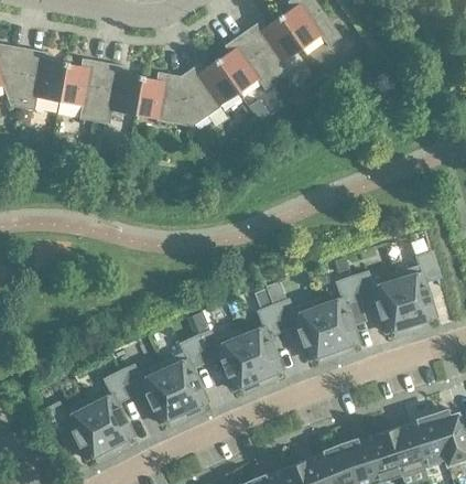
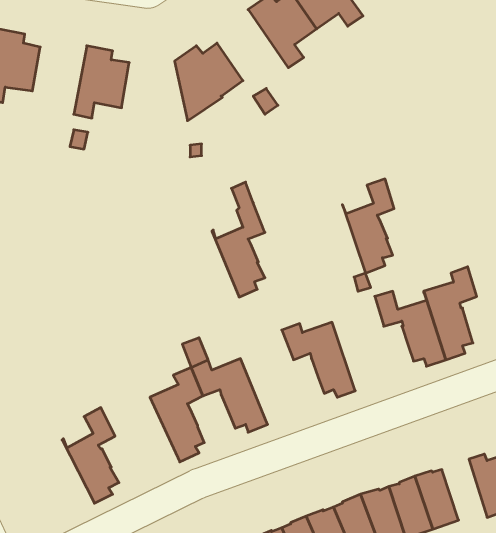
building: [217,32,278,93] -> none
building: [59,58,106,121] -> none
building: [136,72,192,127] -> none
building: [315,277,359,357] -> [342,179,394,273]
building: [237,288,282,386] -> [212,182,265,297]
building: [118,363,185,426] -> none
building: [44,399,112,461] -> none
building: [409,416,447,467] -> none

